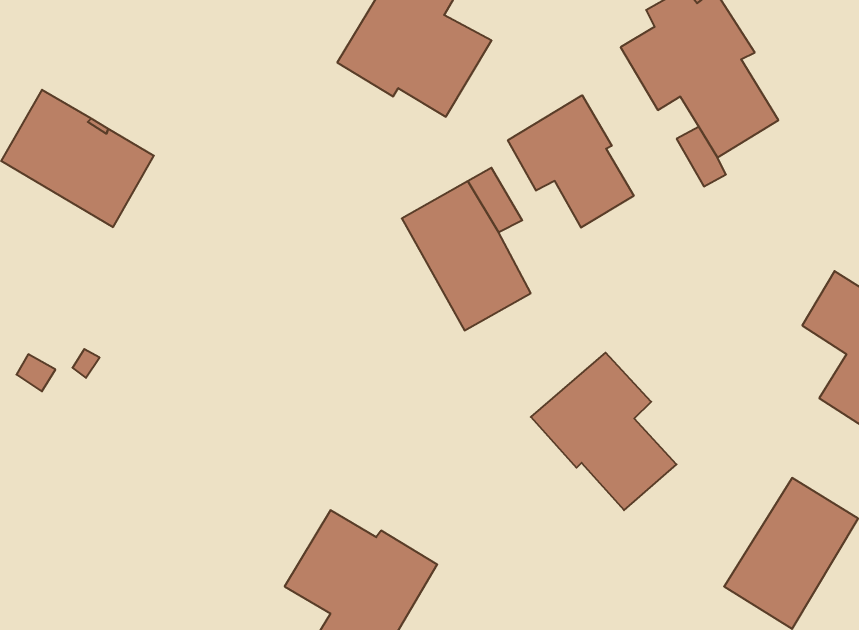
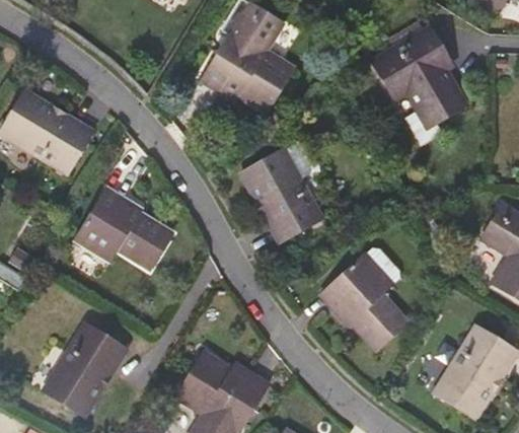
building: [508,95,634,228] -> none
building: none -> [76,187,171,268]
building: none -> [39,320,120,412]

